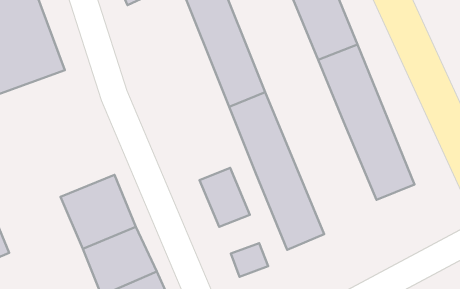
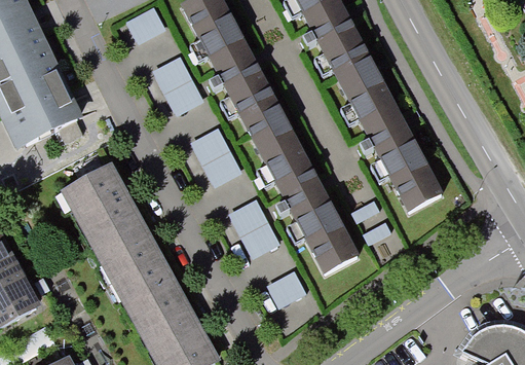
building: none -> [150,54,203,115]
building: none -> [189,126,242,187]
building: none -> [61,163,141,244]

